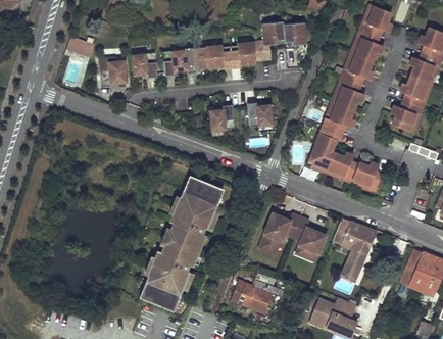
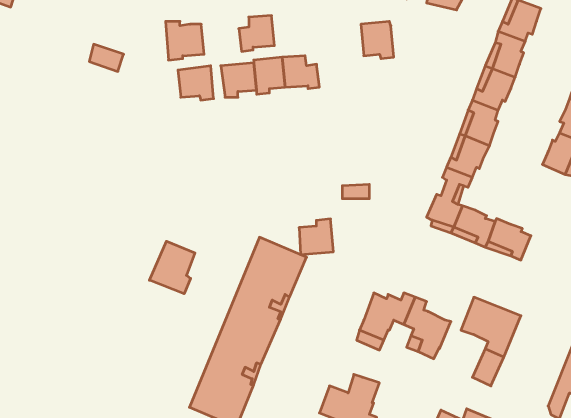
building: [283,21,305,49] -> none
building: [230,42,255,67] -> [239,16,274,51]
building: [98,58,126,86] -> [166,21,204,60]
building: [246,102,272,127] -> none
building: [209,104,234,130] -> [299,219,333,255]
building: none -> [149,241,195,294]

